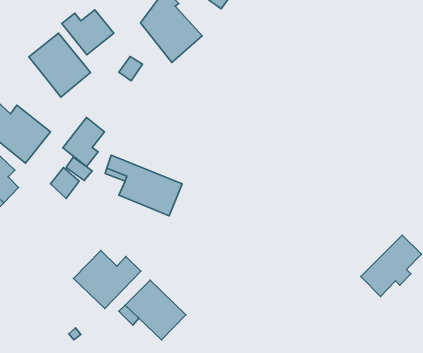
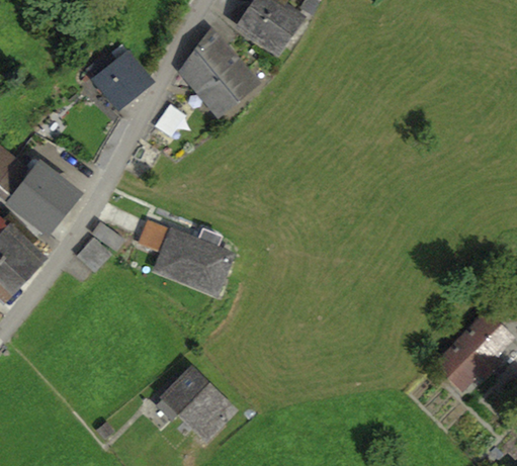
building: [29,33,90,97] -> none
building: [63,117,104,167] -> none
building: [73,250,141,309] -> none

